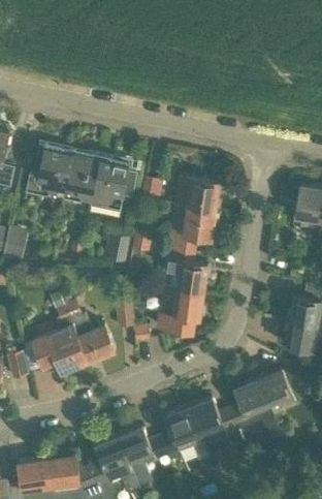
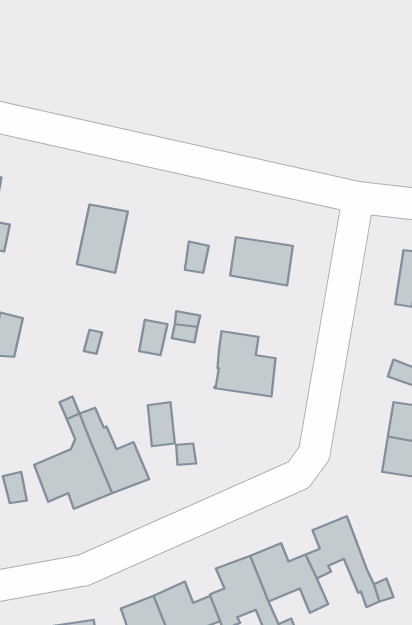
building: [26,147,72,196] -> none
building: [91,157,137,213] -> none
building: [168,205,216,249] -> none
building: [158,286,204,333] -> none
building: [259,370,292,417] -> none

